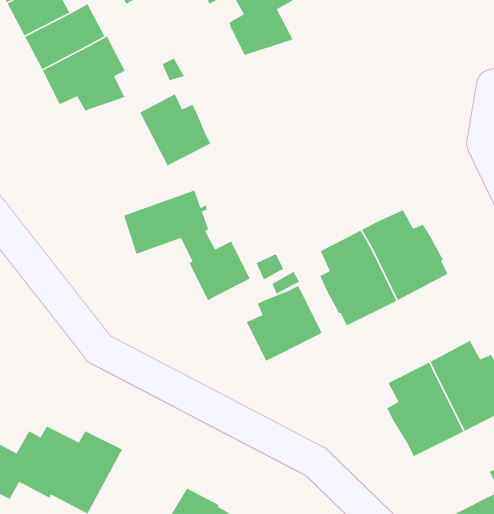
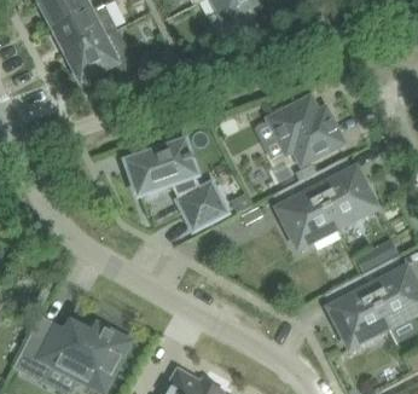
building: [139,94,211,167] -> none
building: none -> [271,98,342,162]
building: [246,285,323,362] -> none

